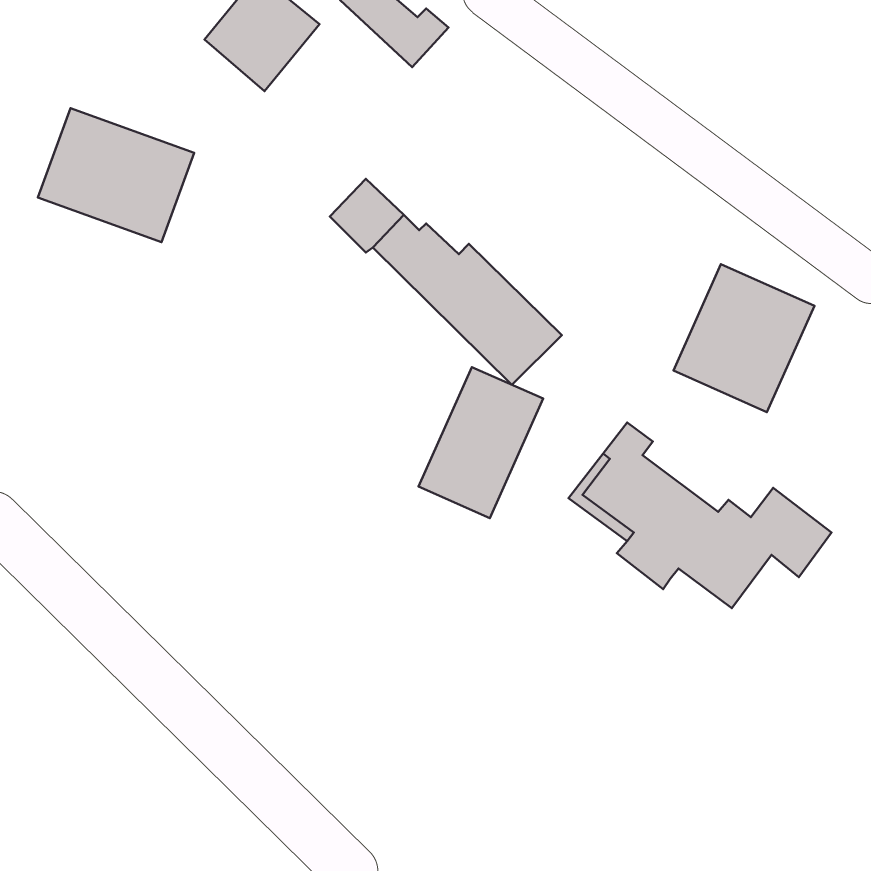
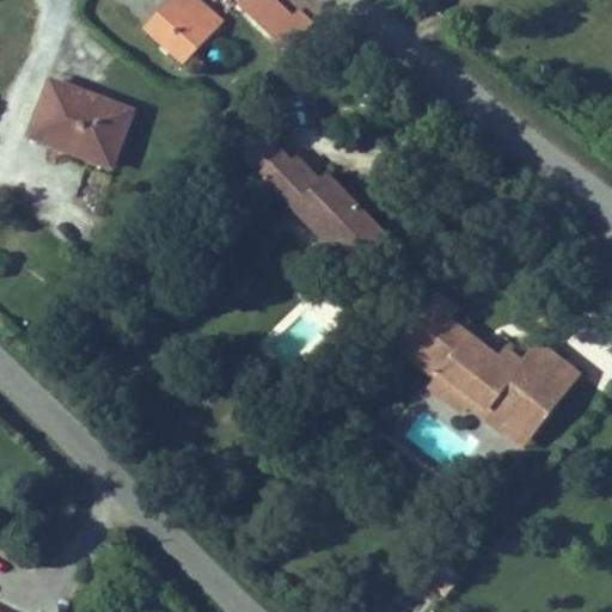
building: [673,264,815,412] -> none
building: [419,367,543,518] -> none
building: none -> [466,386,556,445]

